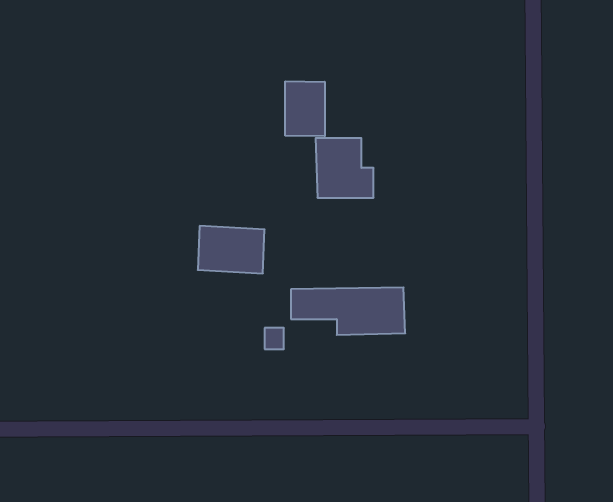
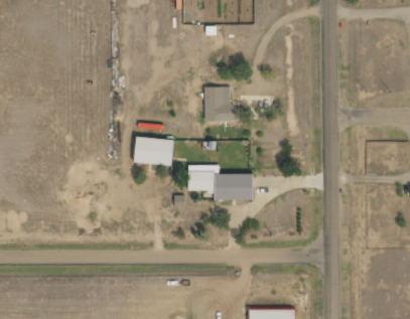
building: [285,81,325,136] -> none

